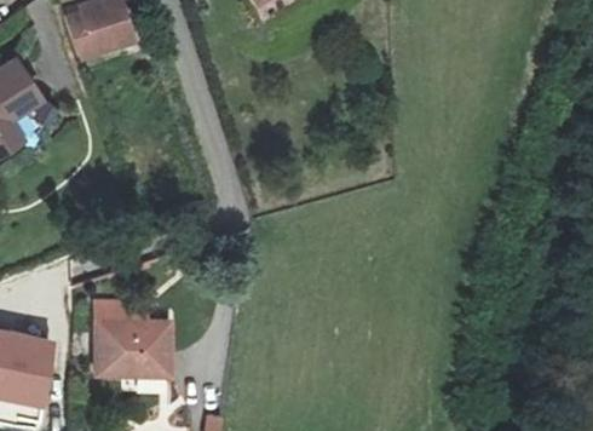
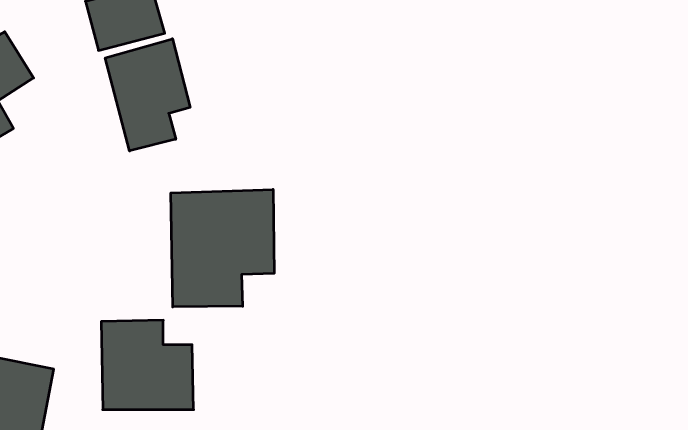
building: none -> [105,39,190,151]
building: none -> [171,189,274,307]

